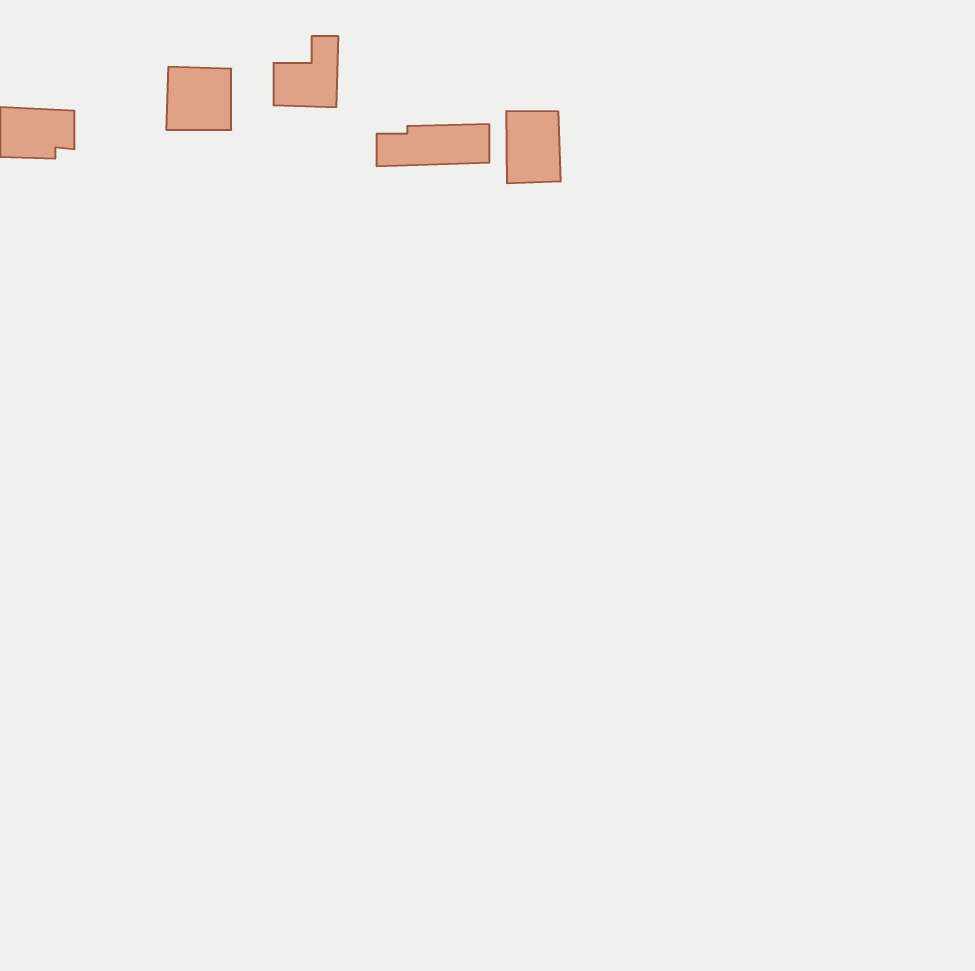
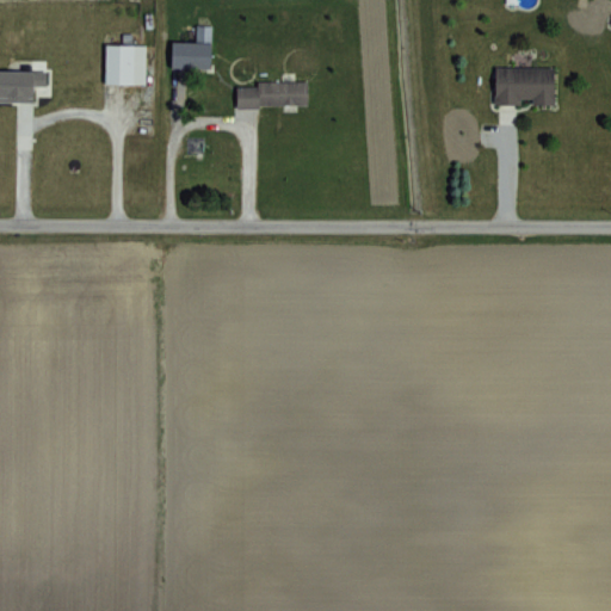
building: none -> [495,67,555,105]
building: [506,111,560,183] -> none

